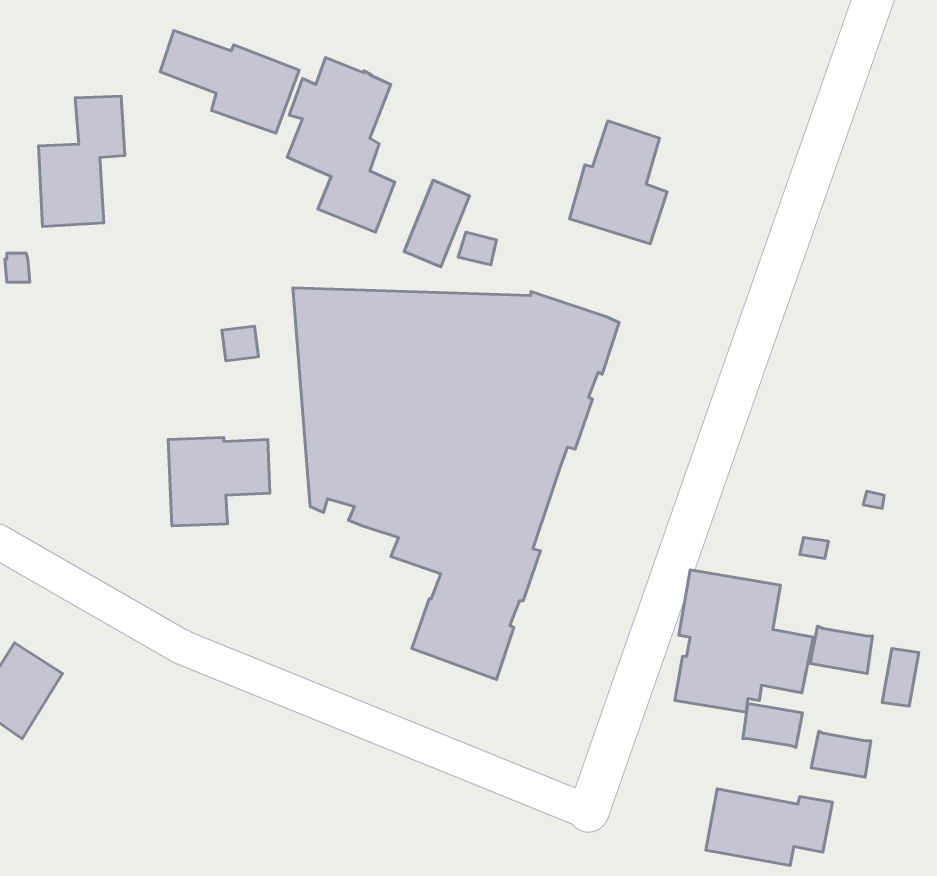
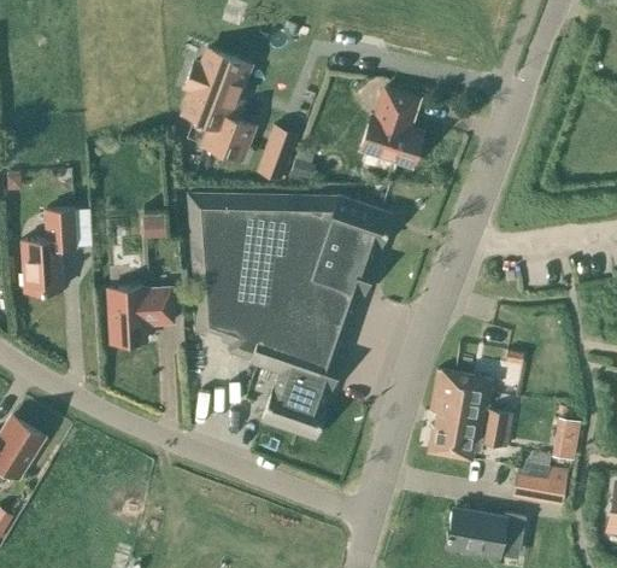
building: [160,30,299,133] -> none
building: [39,96,125,227] -> [23,209,77,291]
building: [810,626,873,674] -> none
building: [743,704,803,747] -> none

